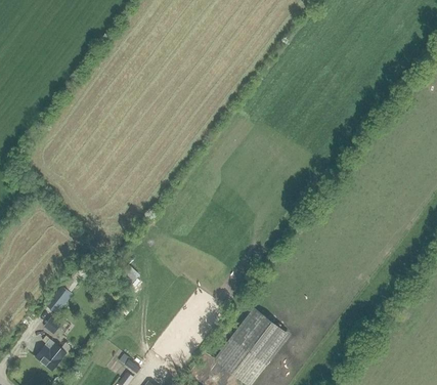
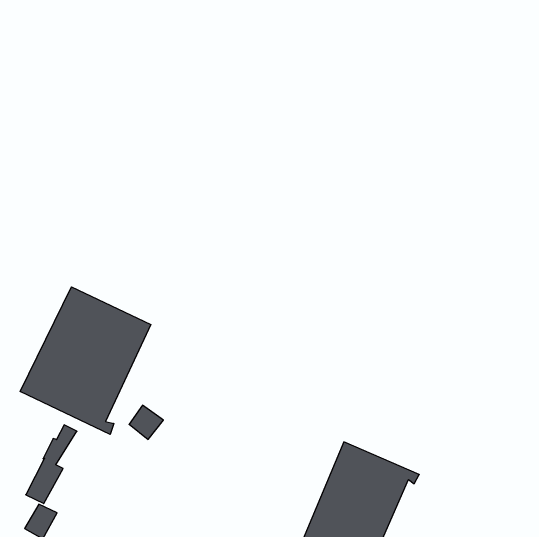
building: none -> [20,287,151,434]

